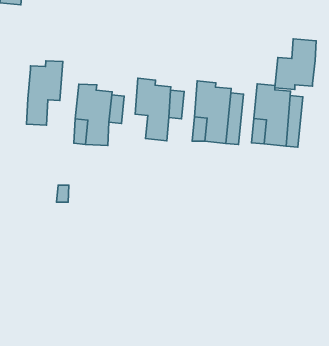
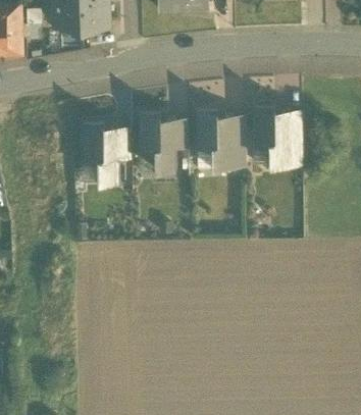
building: [275,39,316,89] -> none
building: [27,61,63,125] -> none

